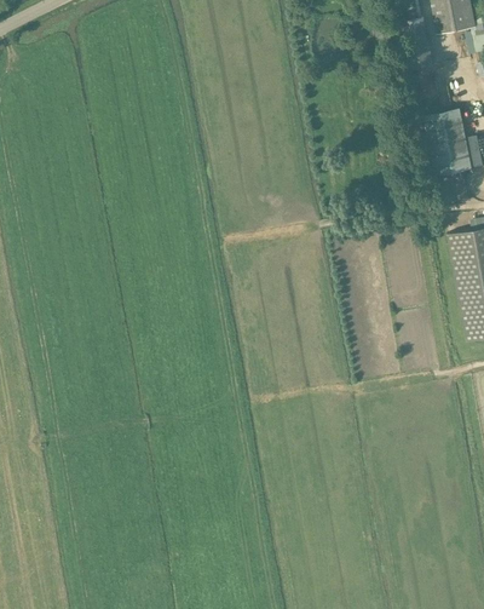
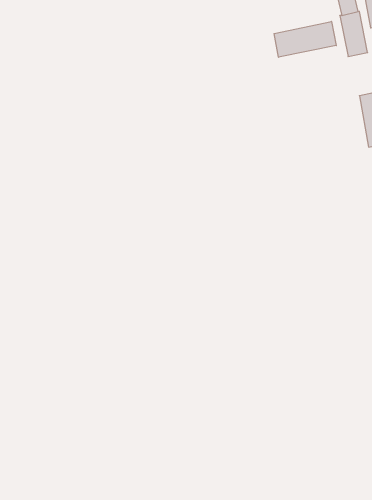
building: none -> [274,21,336,57]

